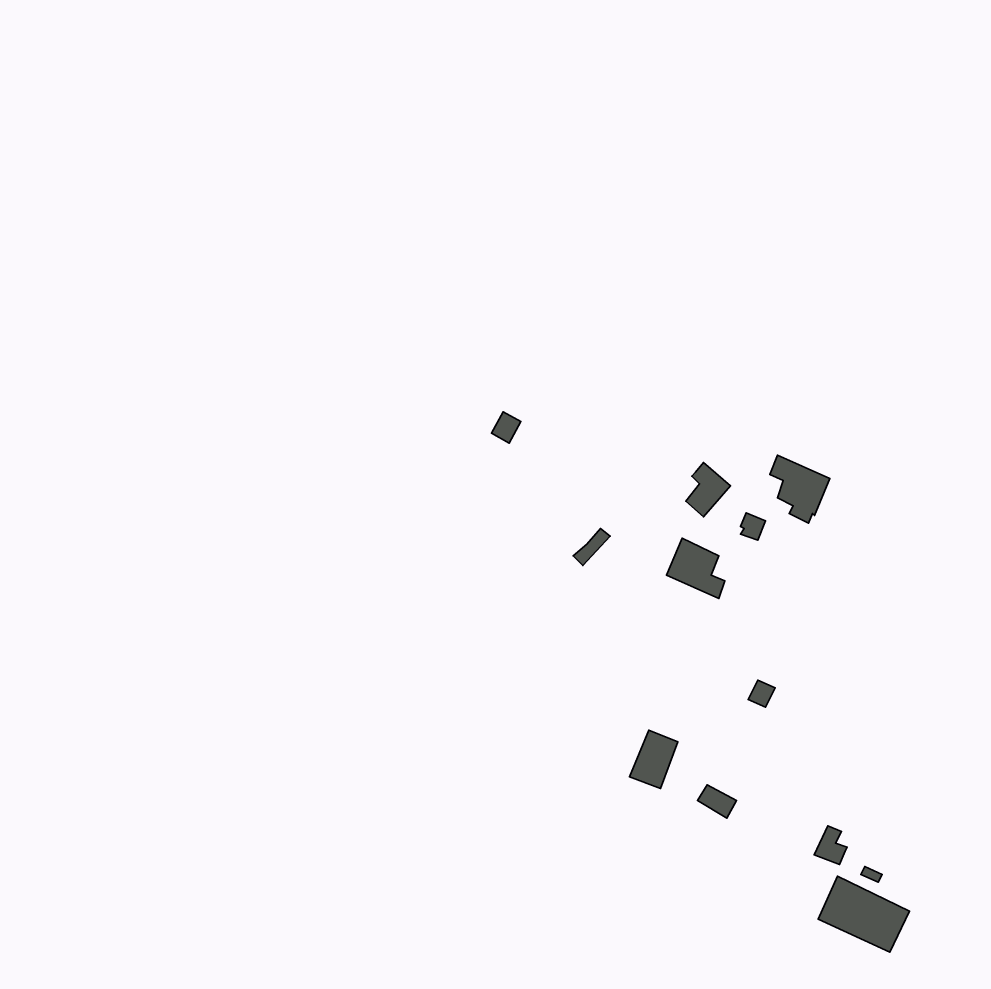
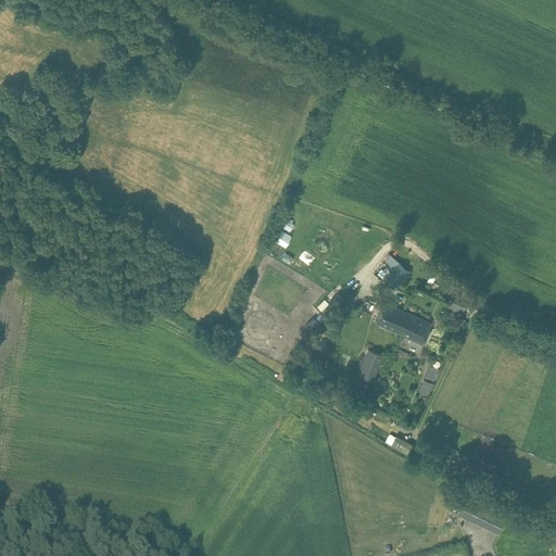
building: [770,455,830,523] -> [397,313,431,351]
building: [629,730,678,788] -> [355,351,382,383]

